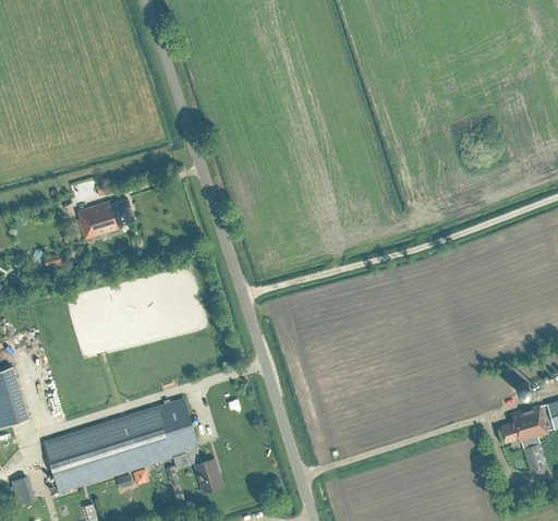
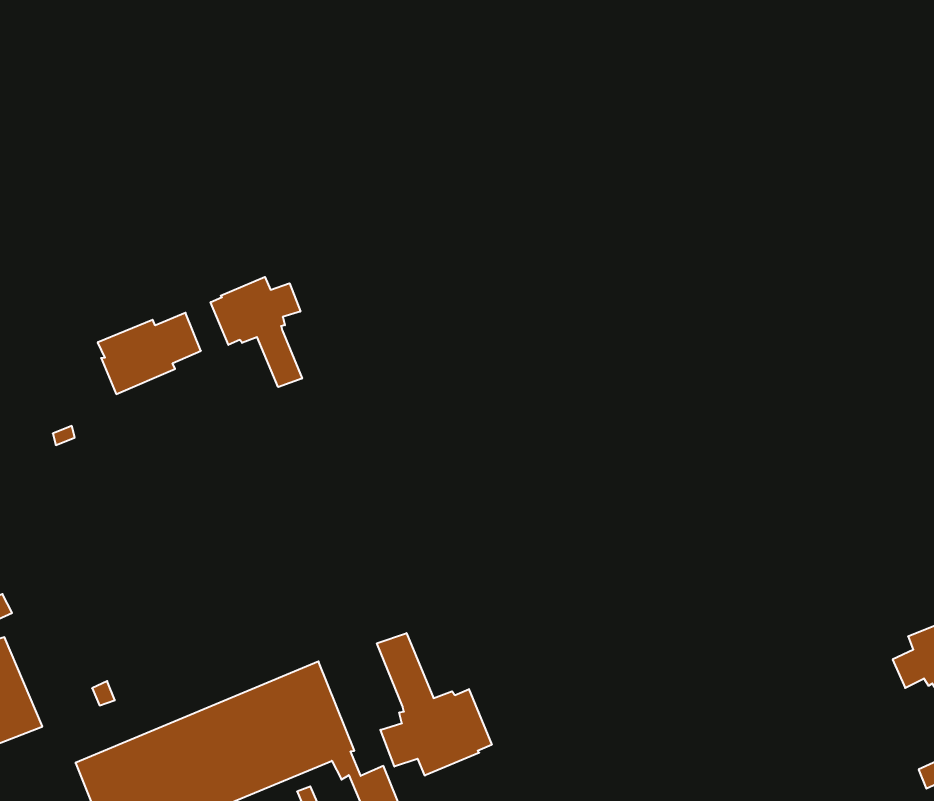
building: none -> [211,277,302,387]
building: none -> [377,633,492,776]

